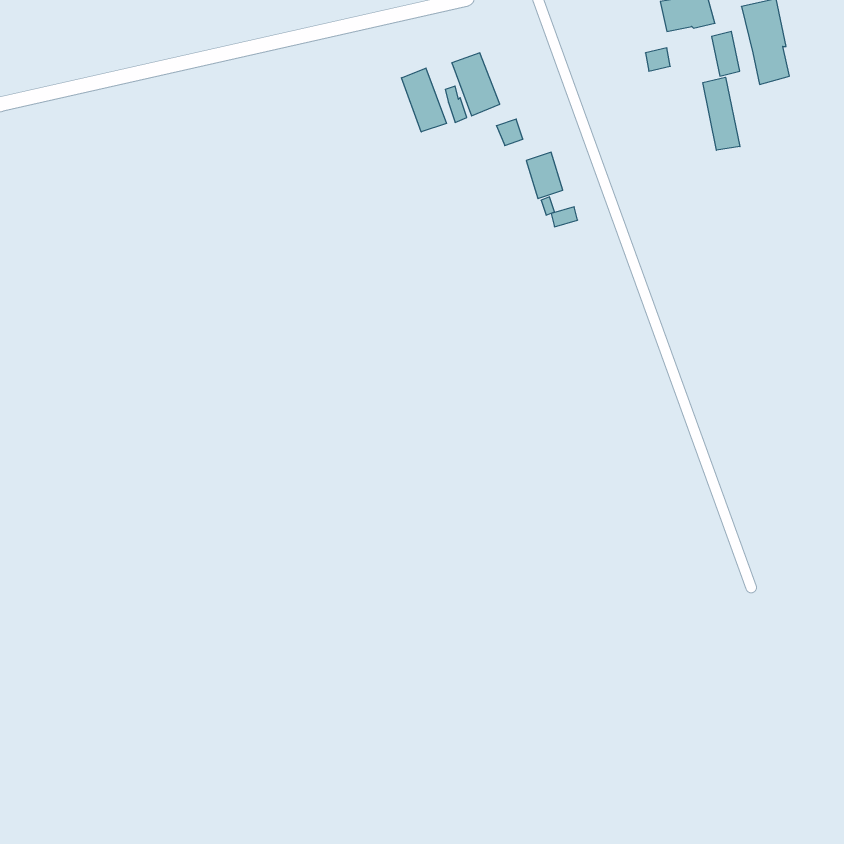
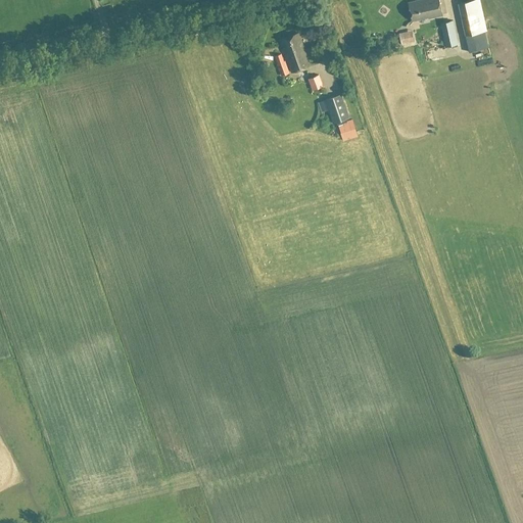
building: [401,68,447,132] -> none
building: [703,77,740,150] -> none

